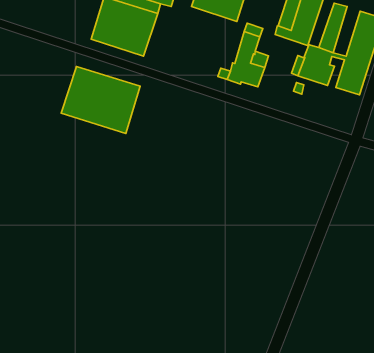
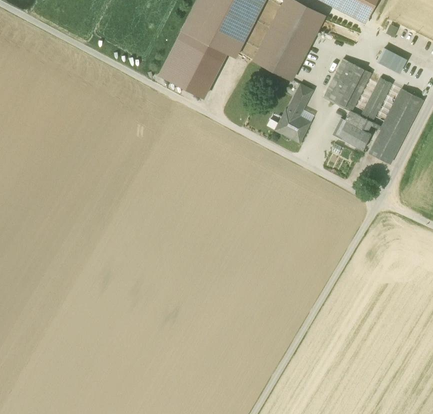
building: [61,66,140,134] -> none

